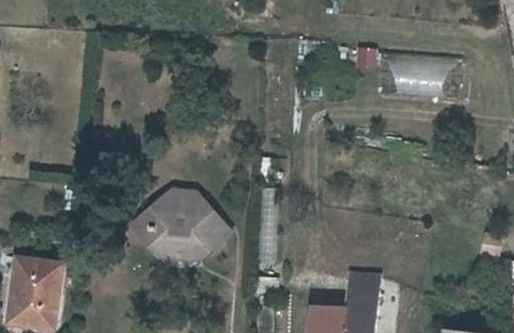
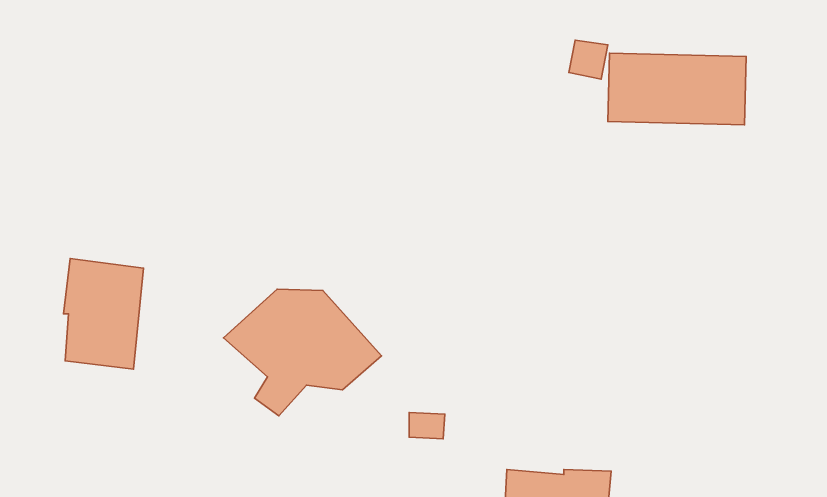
building: [6,254,55,322] -> [64,258,143,369]
building: [348,278,378,311] -> none

